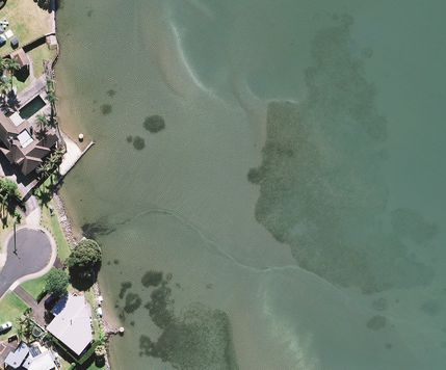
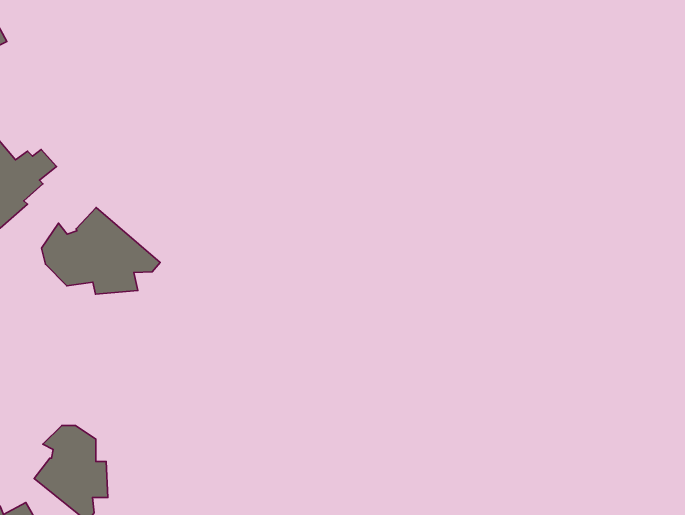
building: none -> [42,207,160,294]

